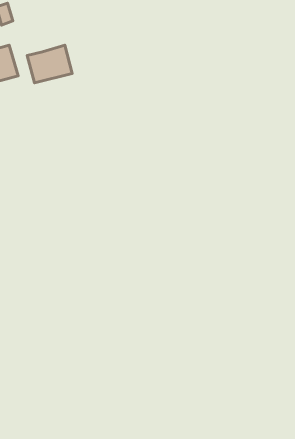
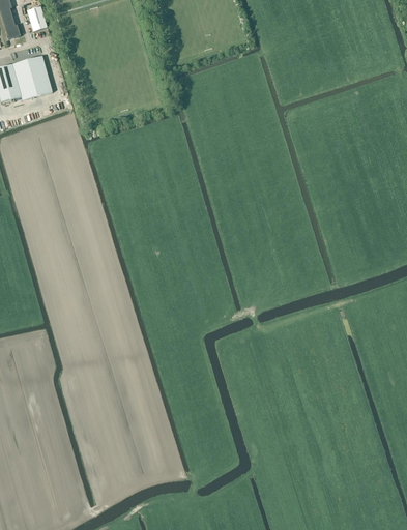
building: [27,45,72,83] -> none

